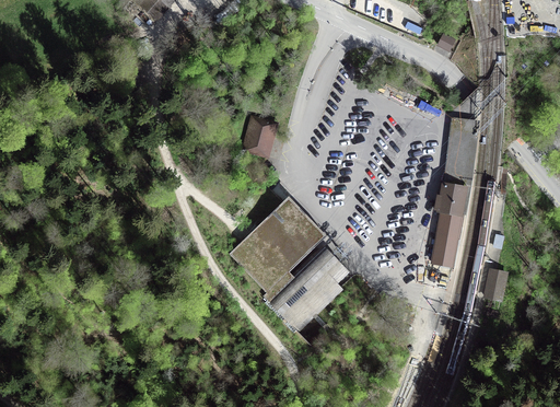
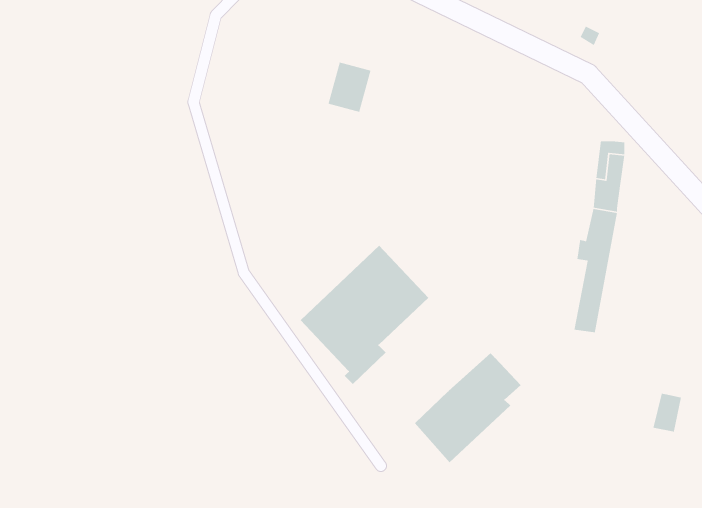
building: [244,116,277,154] -> [327,61,372,113]
building: [270,249,350,332] -> [414,353,522,463]
building: [485,269,506,299] -> [652,393,682,432]

